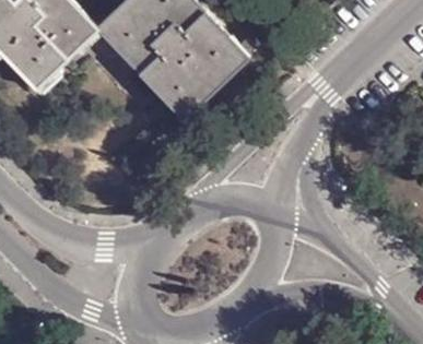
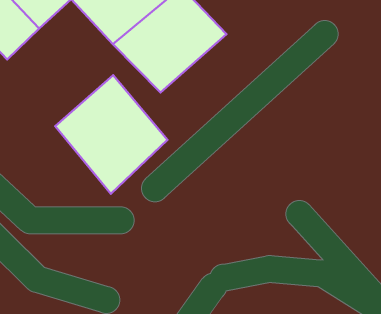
building: none -> [55,75,167,194]

